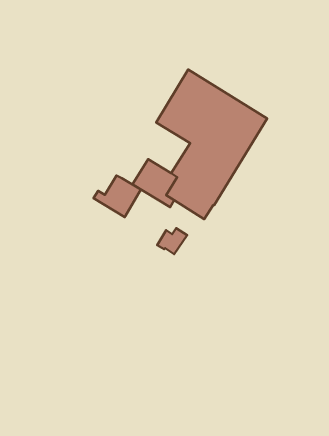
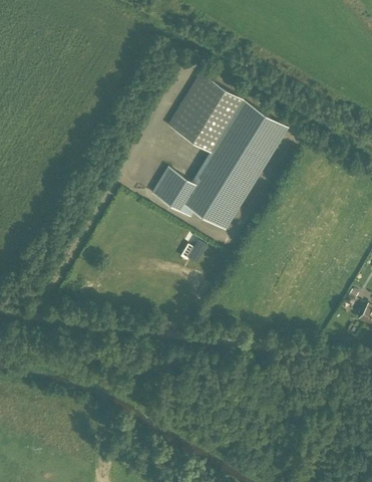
building: [94,175,141,217] -> none

